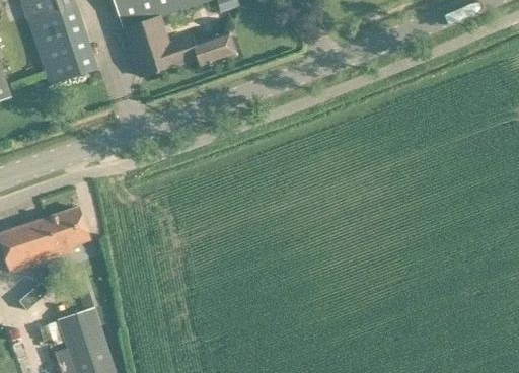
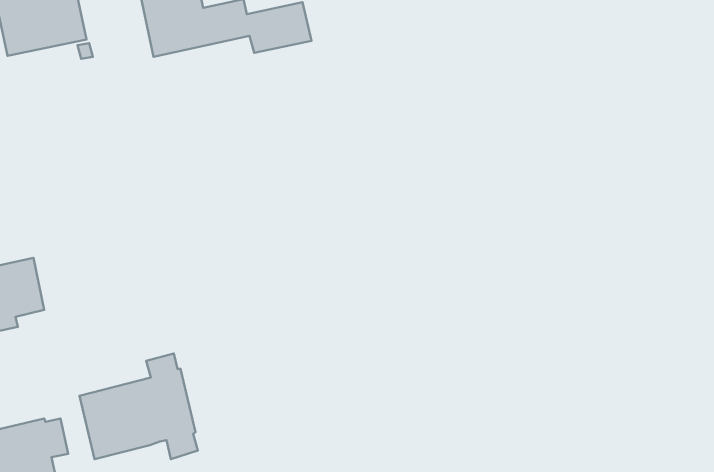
building: none -> [79,354,198,459]

